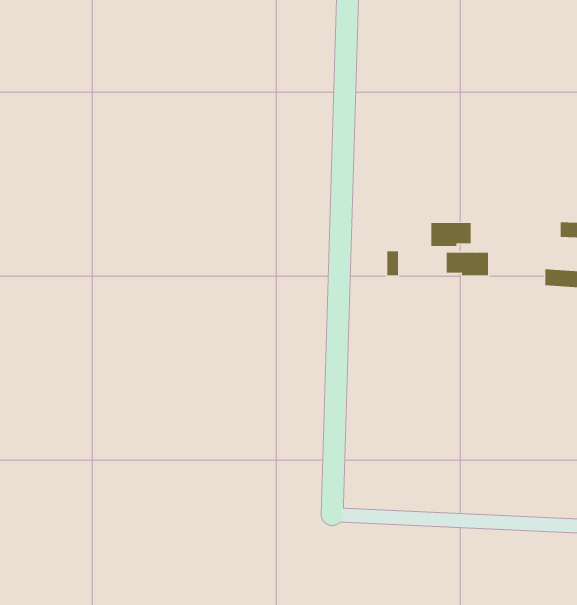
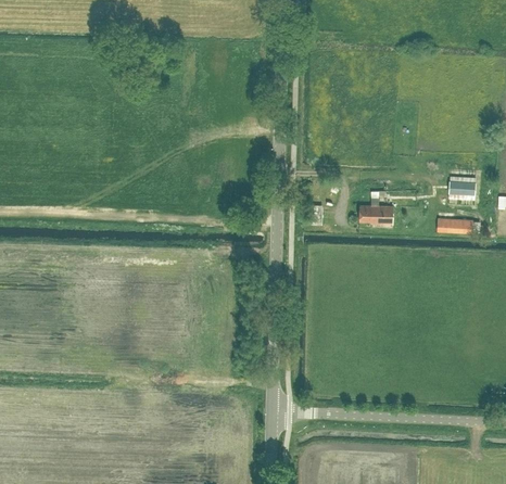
building: [431,222,471,247] -> none

